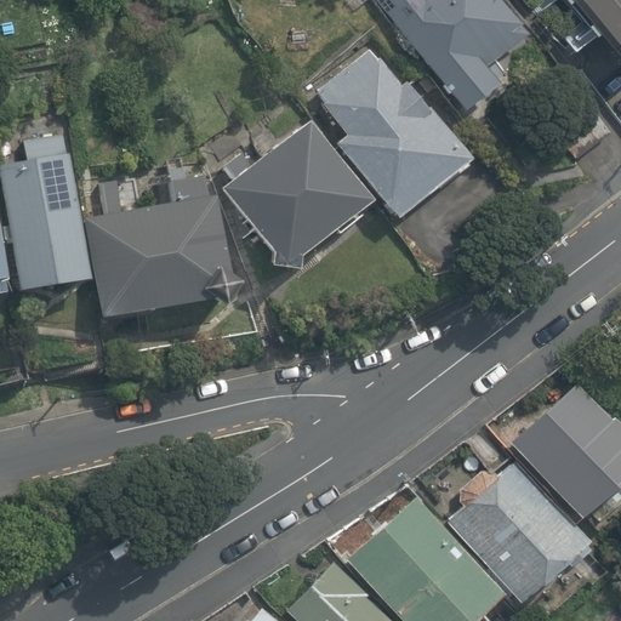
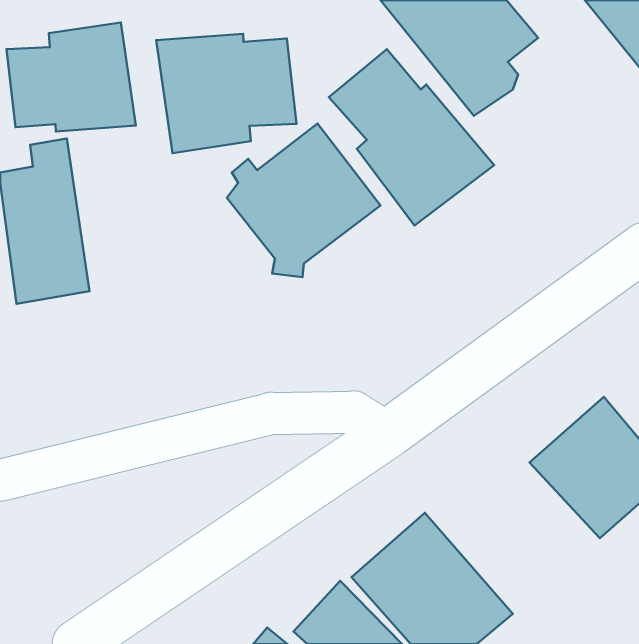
building: none -> [7,22,136,132]
building: none -> [156,34,297,153]
building: [89,173,237,320] -> none
building: [444,458,586,600] -> none

